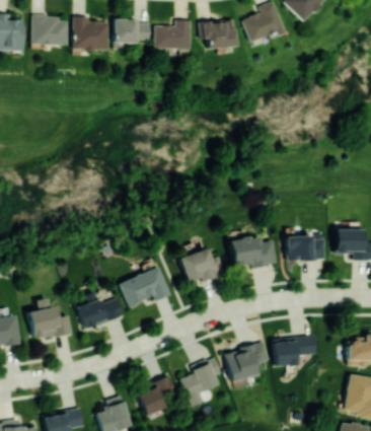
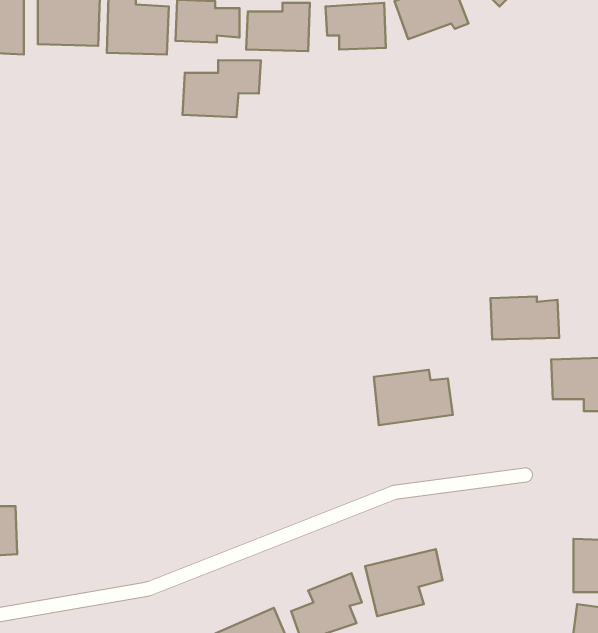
building: none -> [183,60,261,117]
building: [285,236,325,262] -> [490,297,559,340]
building: [178,249,224,281] -> none
building: [119,268,170,306] -> none
building: [75,291,123,329] -> none
building: [28,298,72,339] -> none
building: [273,336,317,367] -> none

